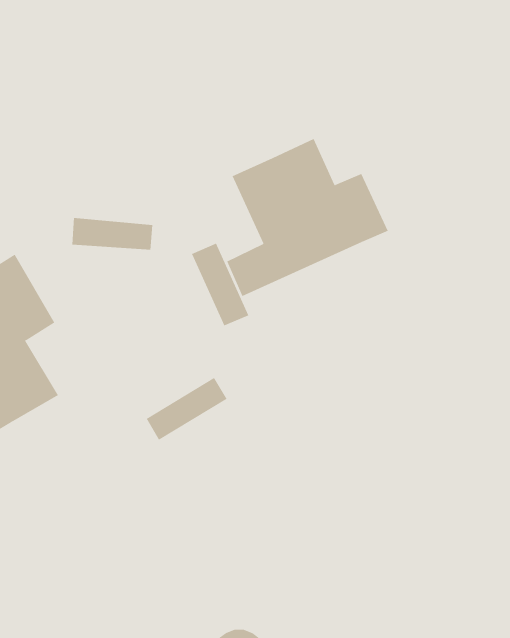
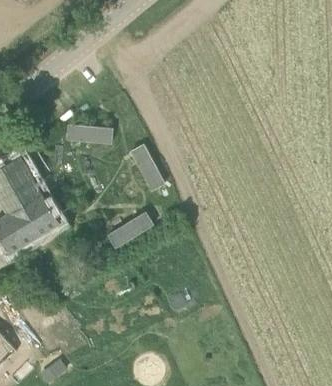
building: [226,138,389,297] -> none

